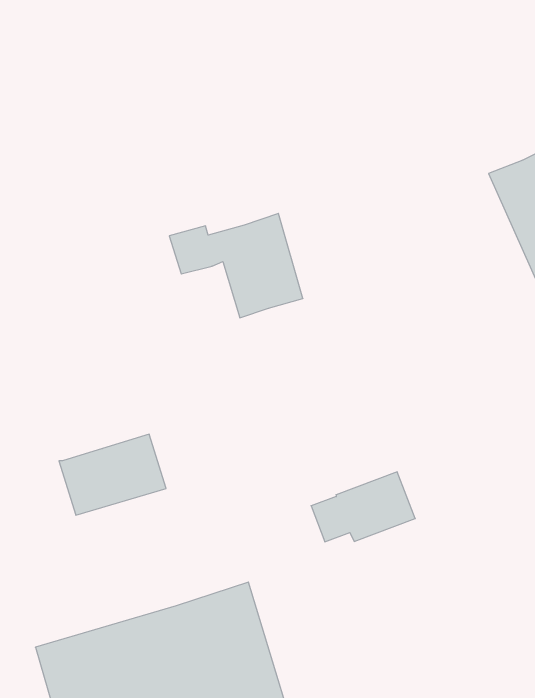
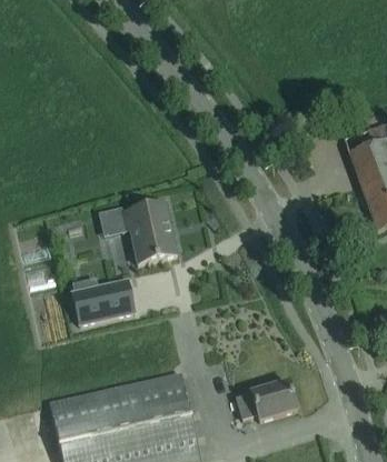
building: [169,213,303,318] -> [99,202,177,263]
building: [311,472,415,542] -> [236,380,298,420]

